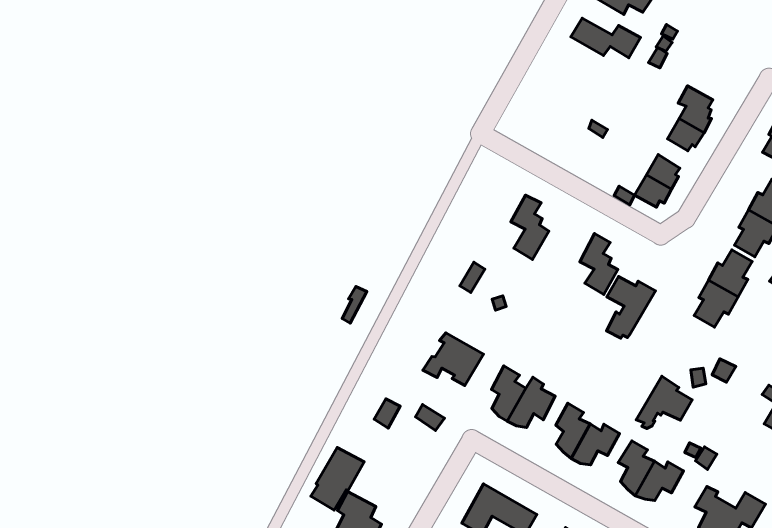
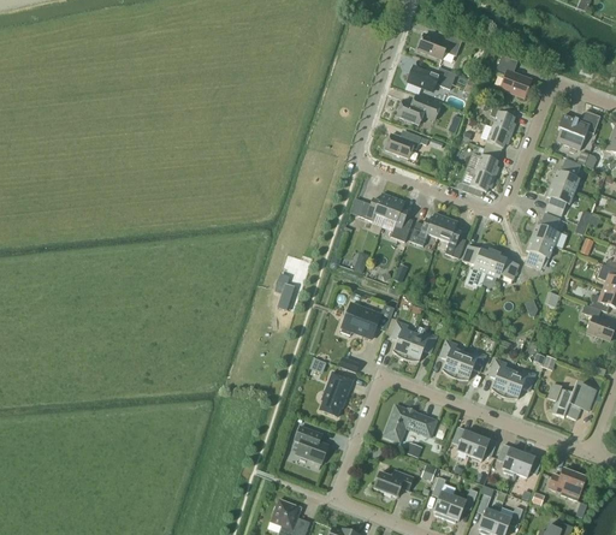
building: none -> [494,55,531,97]
building: none -> [396,95,440,124]
building: none -> [385,131,428,157]
building: none -> [357,192,392,220]
building: none -> [409,213,445,245]
building: [636,376,692,428] -> [481,250,519,289]
building: [311,447,364,510] -> [319,371,353,416]

